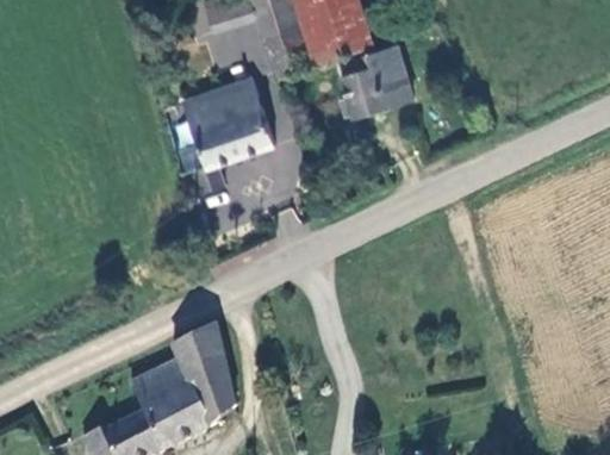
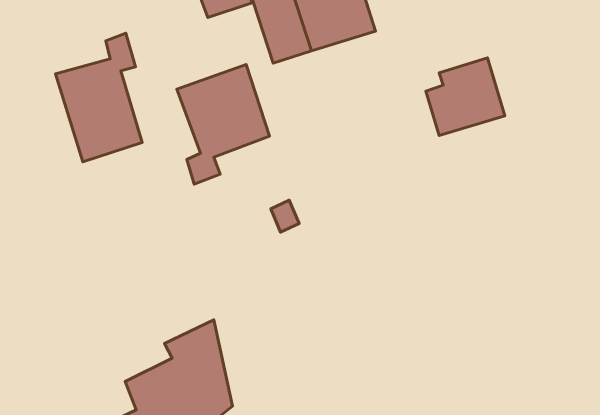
building: [337,44,413,119] -> [426,58,505,136]
building: none -> [56,33,142,162]

